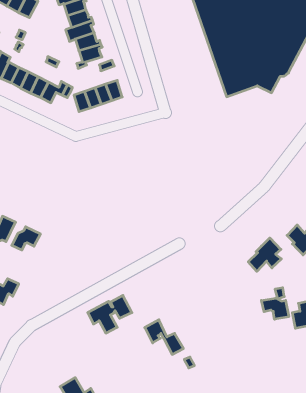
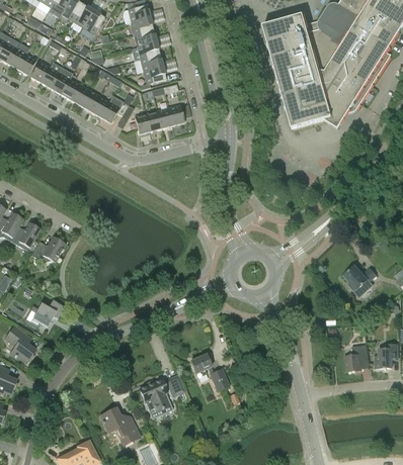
building: [12,227,40,250] -> none
building: [248,238,281,271] -> none
building: [88,295,132,333] -> [140,373,185,410]
building: [261,298,289,319] -> none

